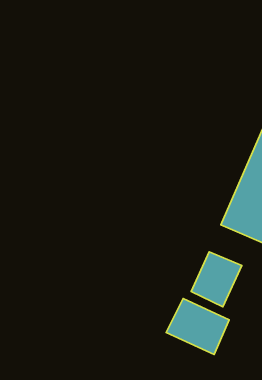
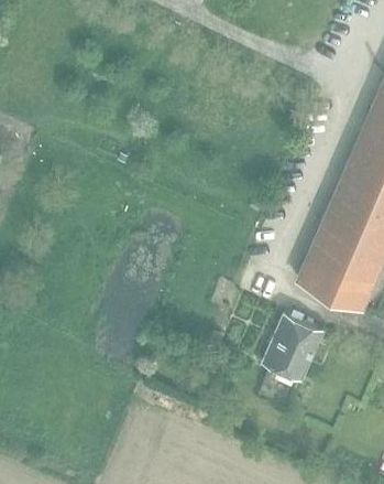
building: [166,299,229,354] -> none

